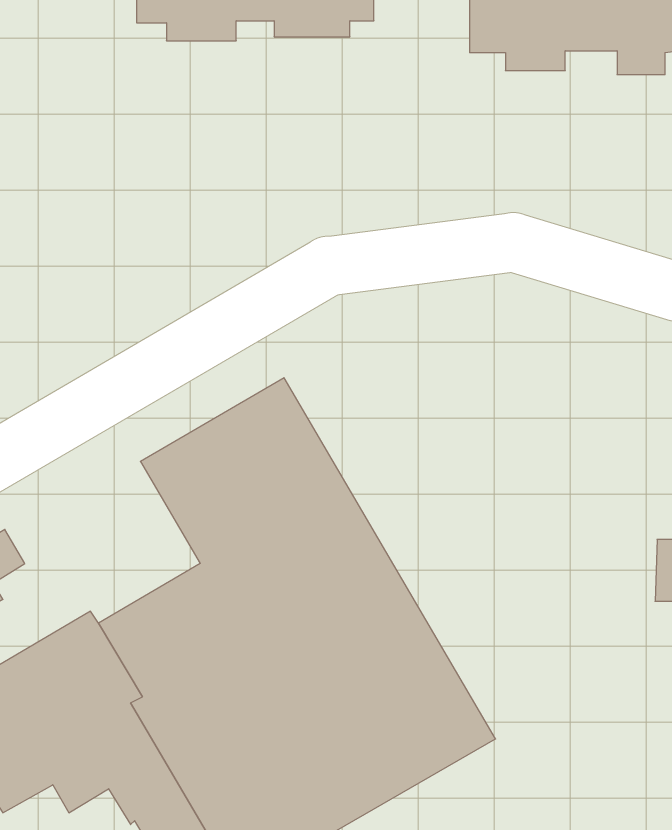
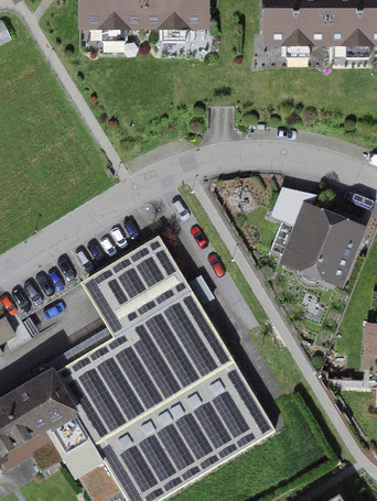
building: none -> [279,197,367,284]

